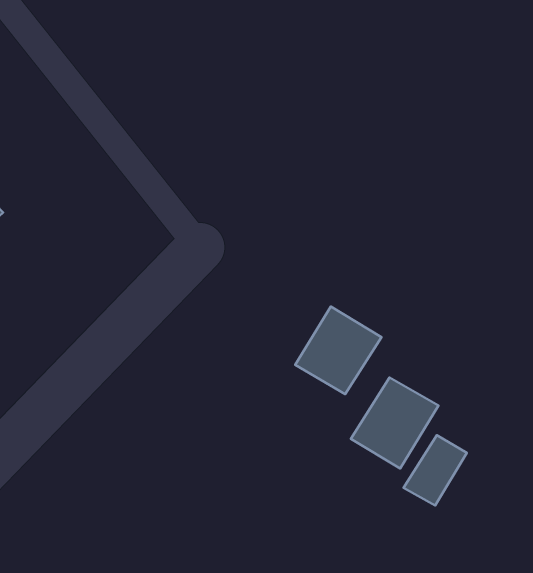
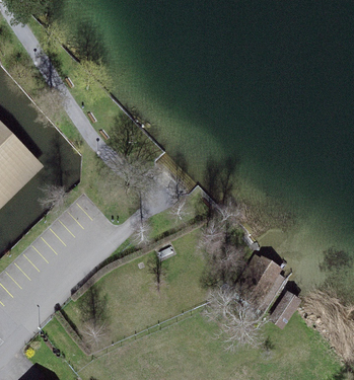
building: [295,306,381,394] -> none

